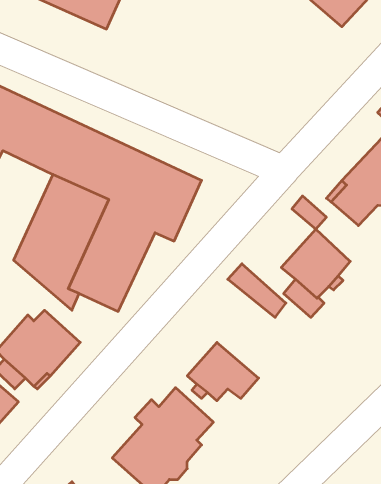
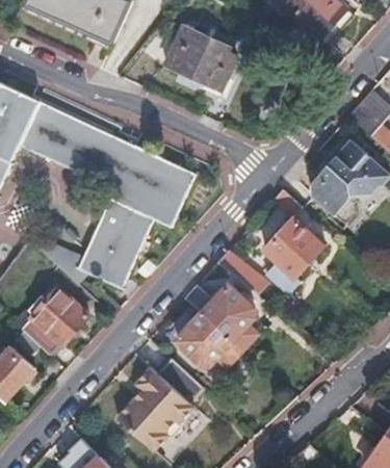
building: none -> [164,24,235,88]
building: none -> [186,281,259,346]

